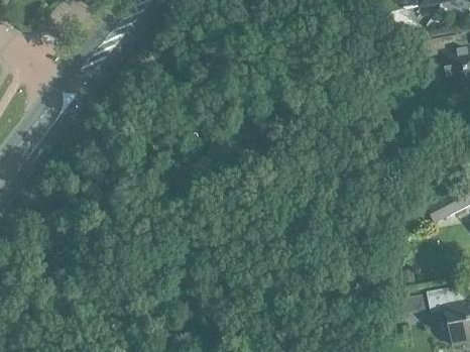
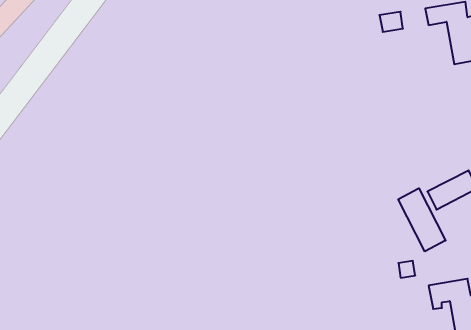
building: none -> [398,188,446,251]

